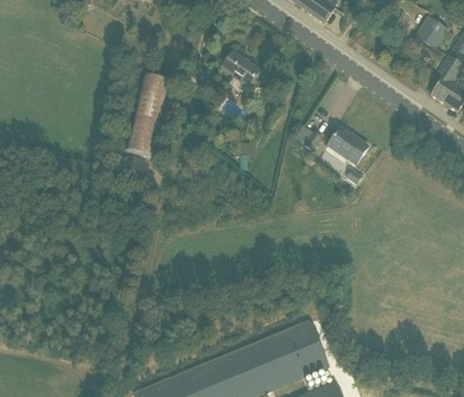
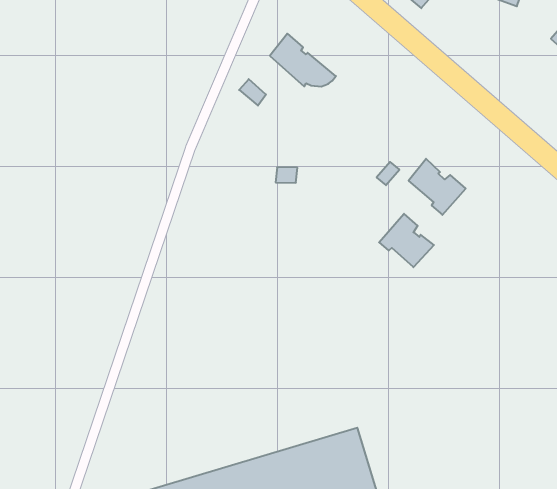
building: [125,75,169,156] -> none
building: none -> [379,214,434,267]

